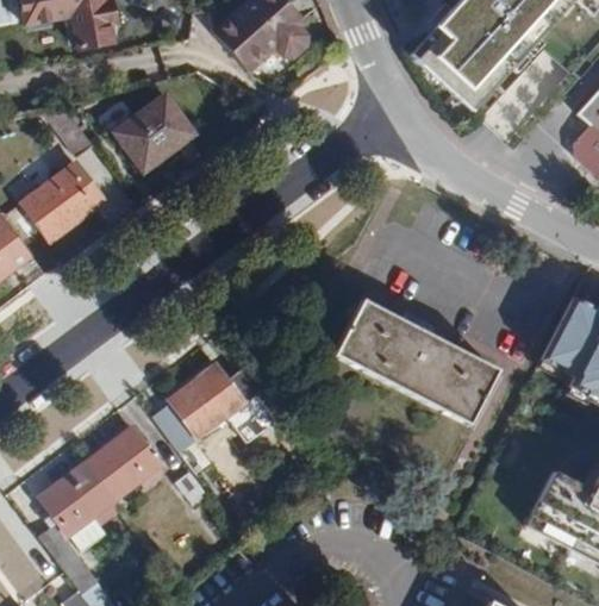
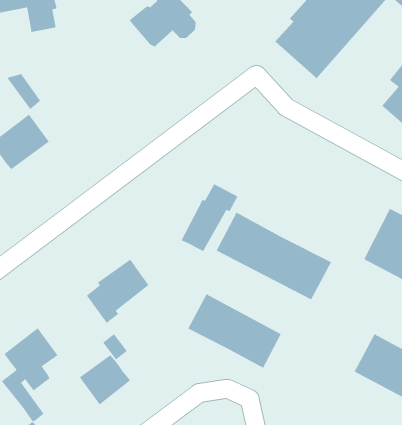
building: [114,93,194,170] -> none
building: none -> [180,183,238,252]
building: none -> [187,293,282,369]
building: [88,425,161,496] -> [79,354,131,406]

